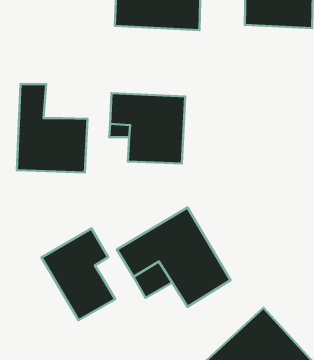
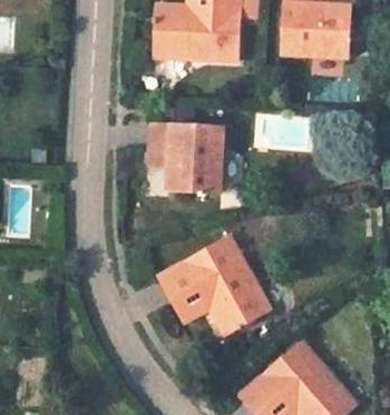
building: [17,84,87,173] -> none
building: [42,228,115,320] -> none

